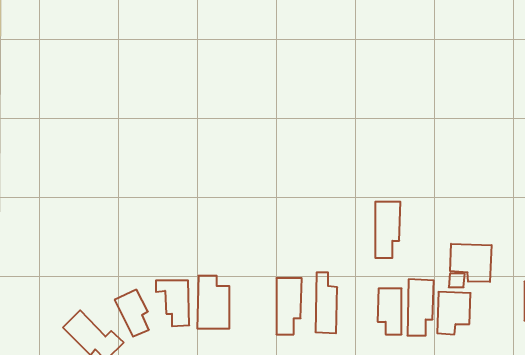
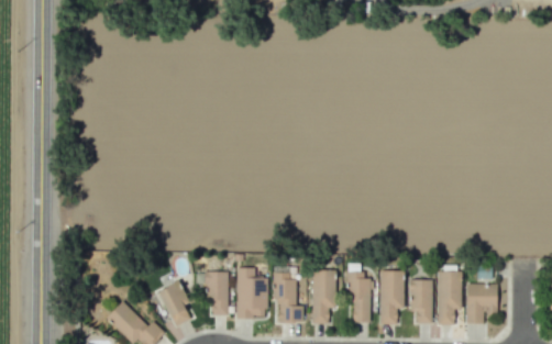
building: [375,202,400,258] -> [380,271,405,325]
building: [450,244,492,282] -> none
building: none -> [273,273,302,323]

